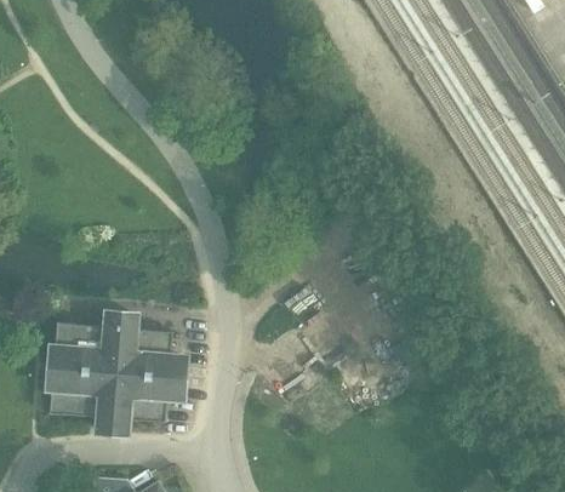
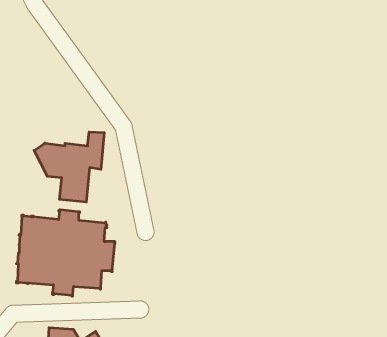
building: none -> [34,132,104,202]

